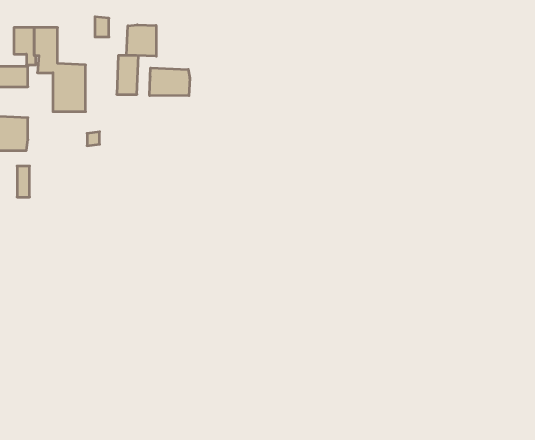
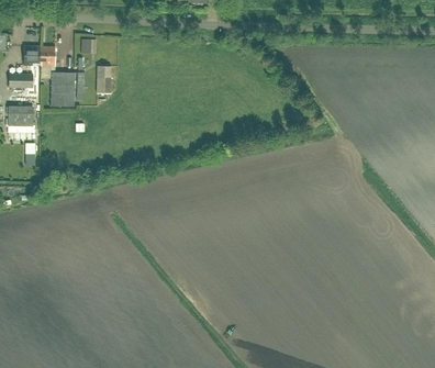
building: [127,25,156,56] -> none
building: [150,68,190,96] -> none

